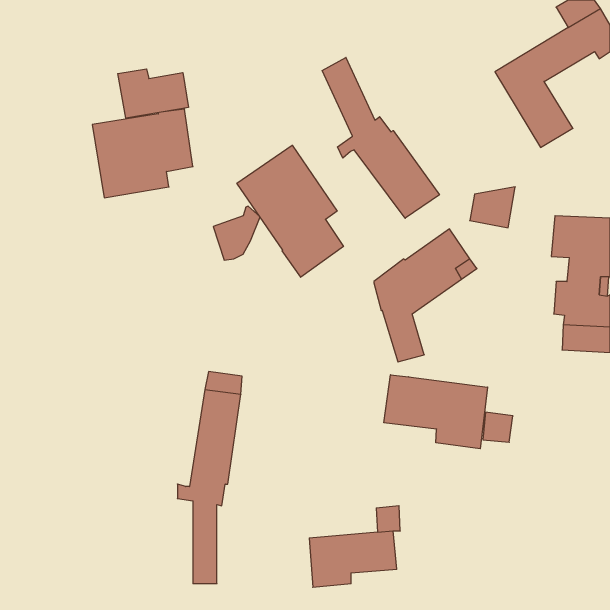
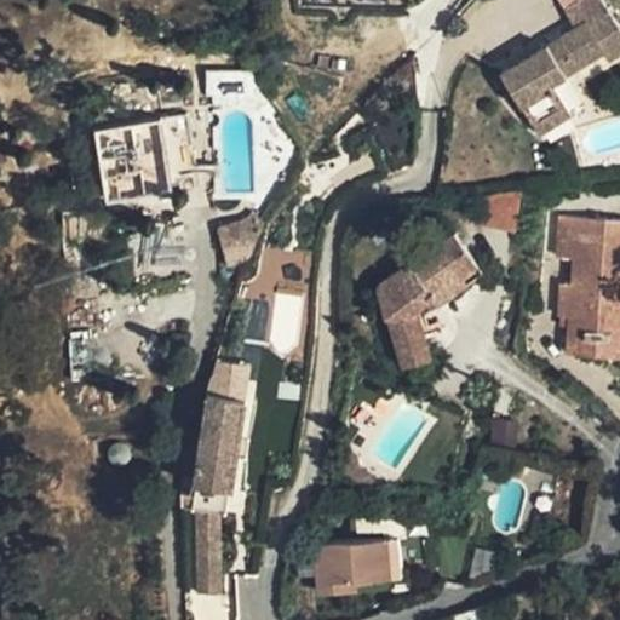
building: [322,57,439,218] -> none
building: [118,69,188,118] -> none
building: [237,145,343,277] -> none
building: [384,375,488,449] -> none

